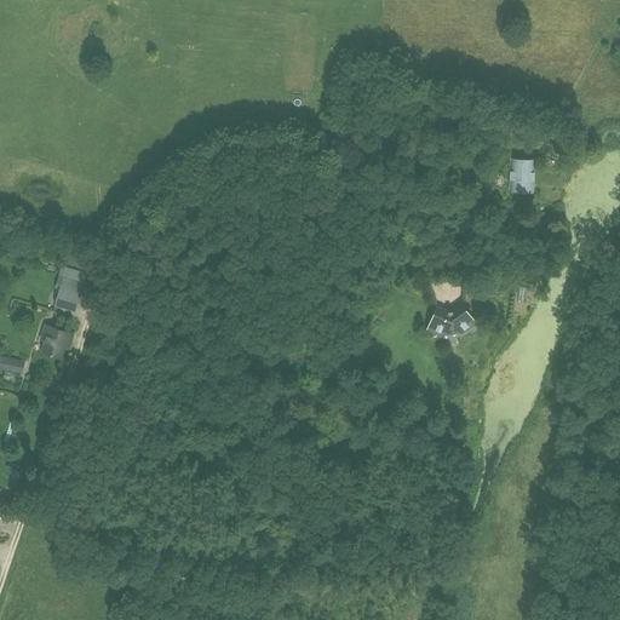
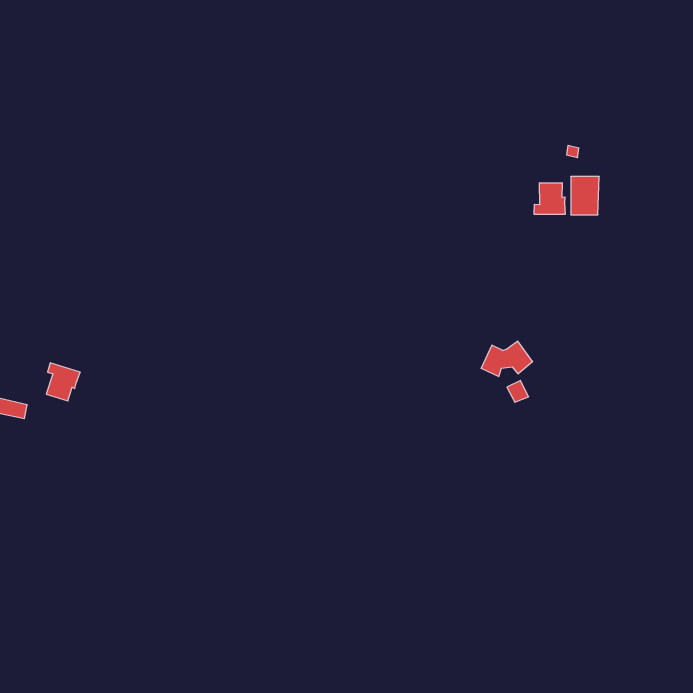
building: none -> [534,183,565,214]
building: [54,279,82,311] -> none

